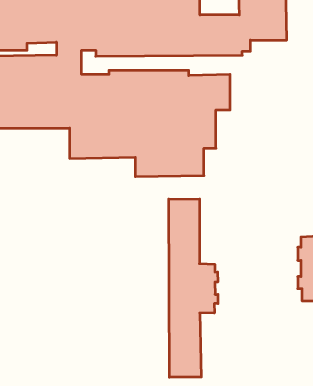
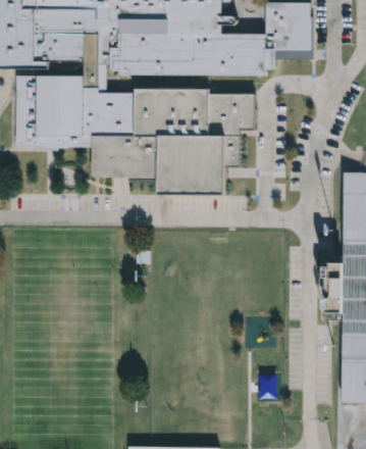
building: [169,199,218,377] -> none

